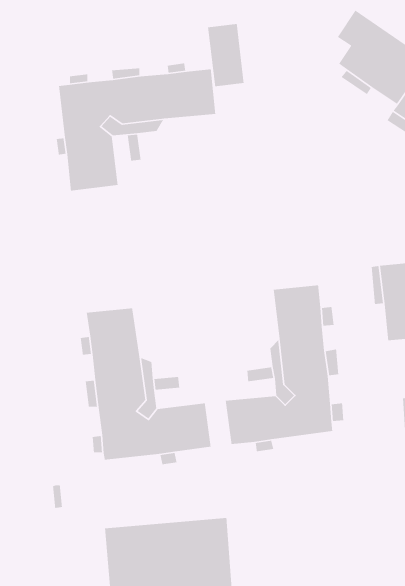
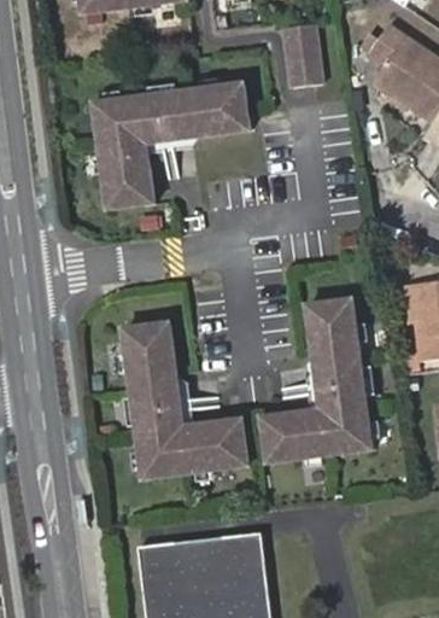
building: [207,23,245,87] -> [285,27,322,91]

